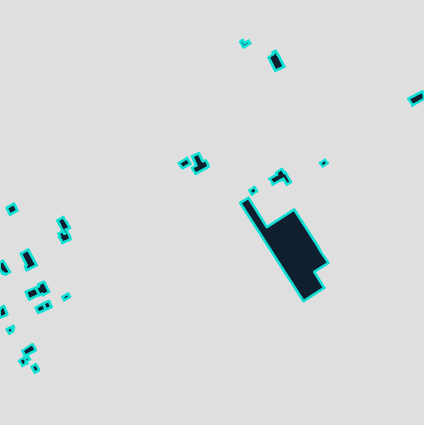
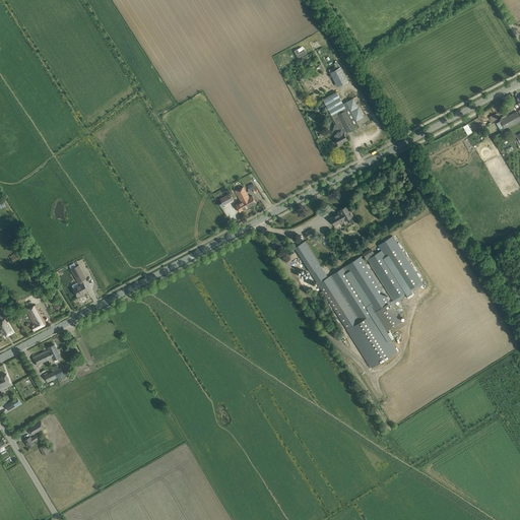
building: none -> [322,92,353,145]
building: none -> [363,236,422,306]

